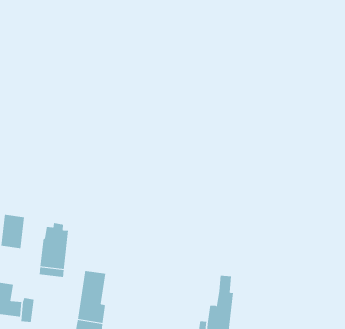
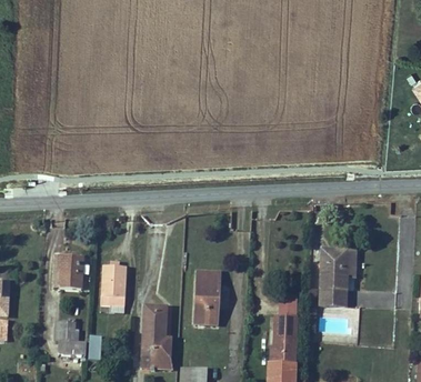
building: none -> [320,250,357,305]
building: none -> [196,272,218,324]

